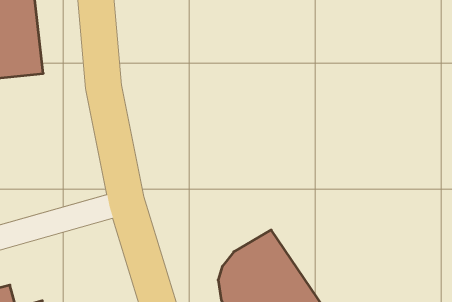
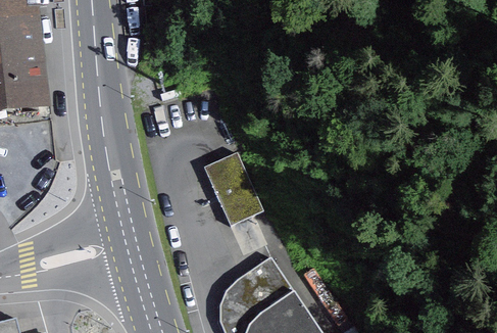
building: none -> [207,155,262,225]

